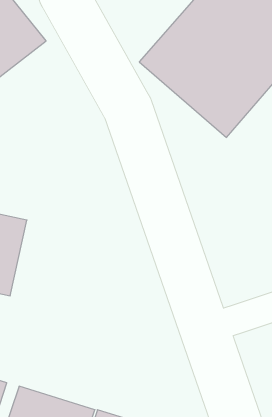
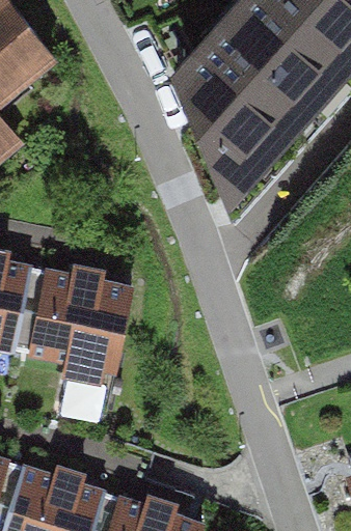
building: none -> [29,270,141,380]

